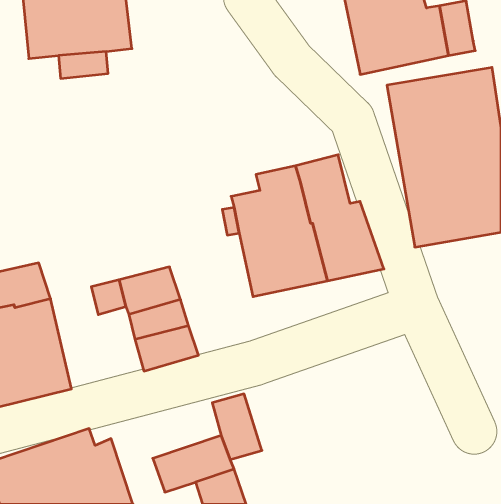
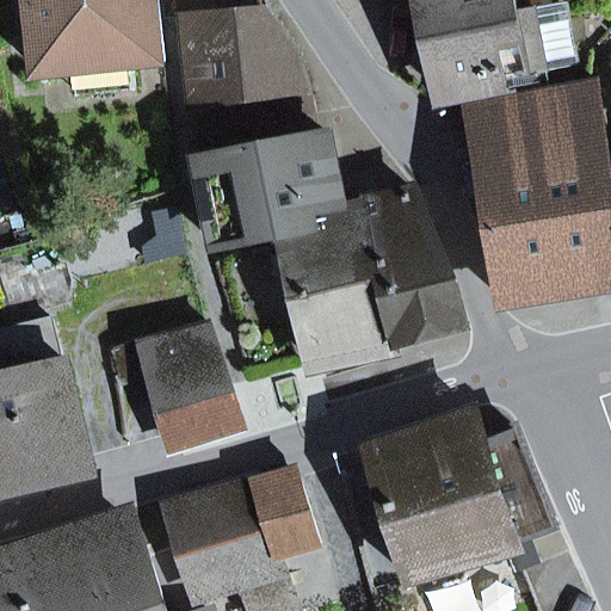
building: none -> [179,13,306,132]
building: none -> [195,129,331,248]
building: none -> [363,411,549,578]
building: none -> [168,482,266,551]

